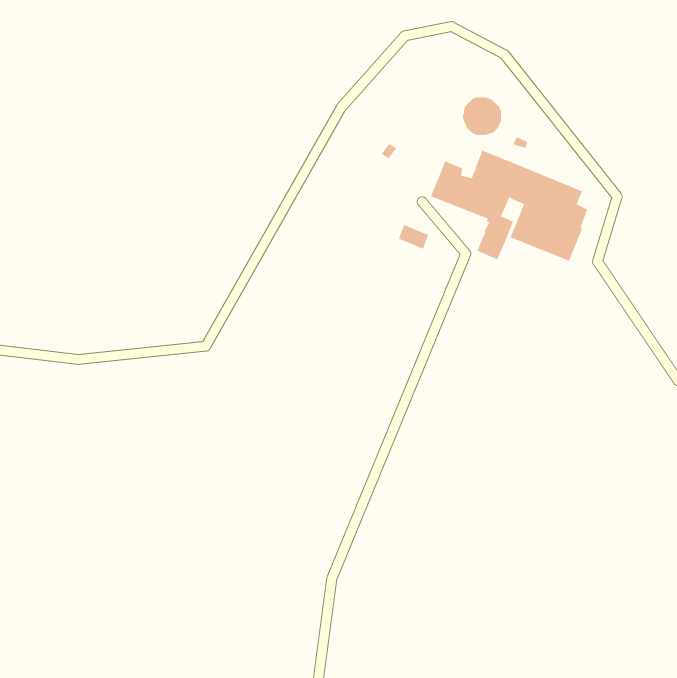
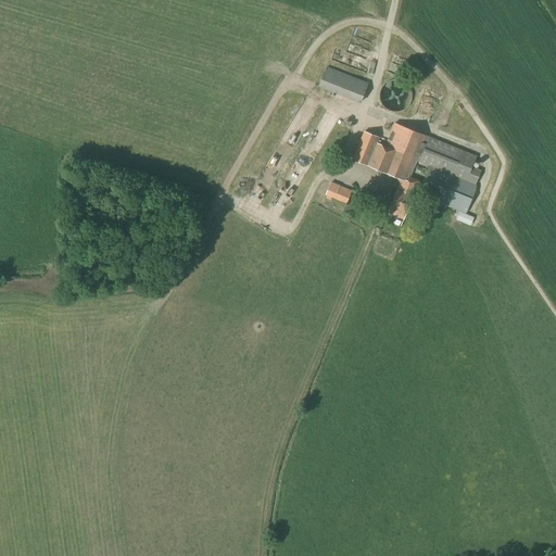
building: none -> [320,66,369,102]

